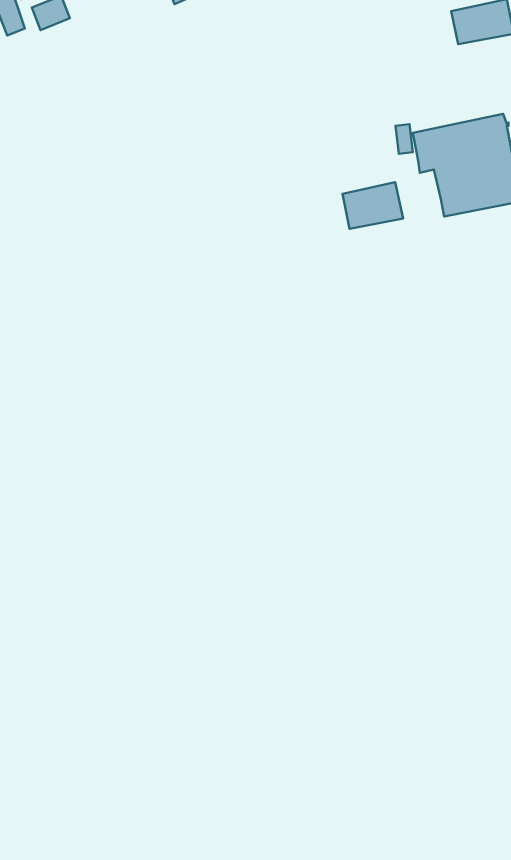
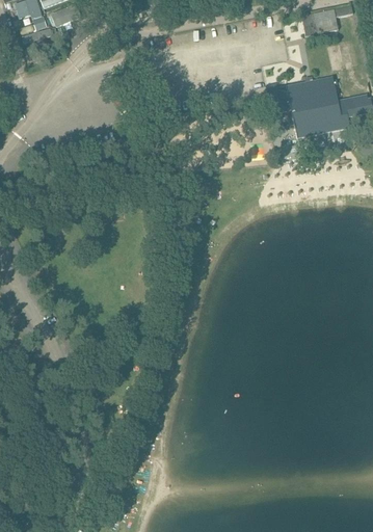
building: [342,182,403,229] -> none

